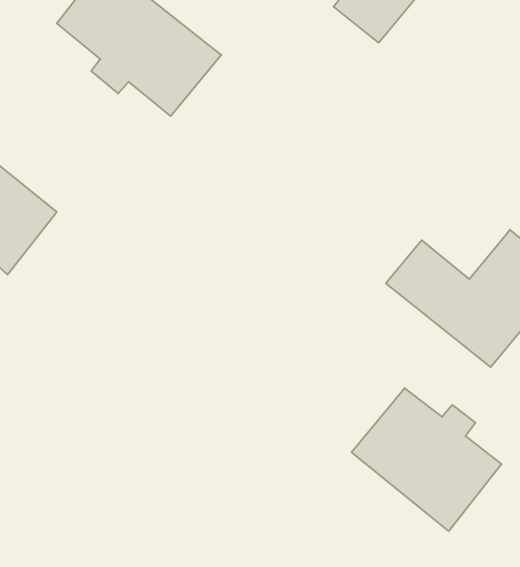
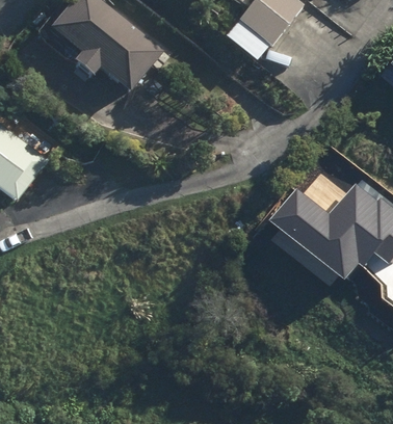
building: [352,388,501,531] -> none

